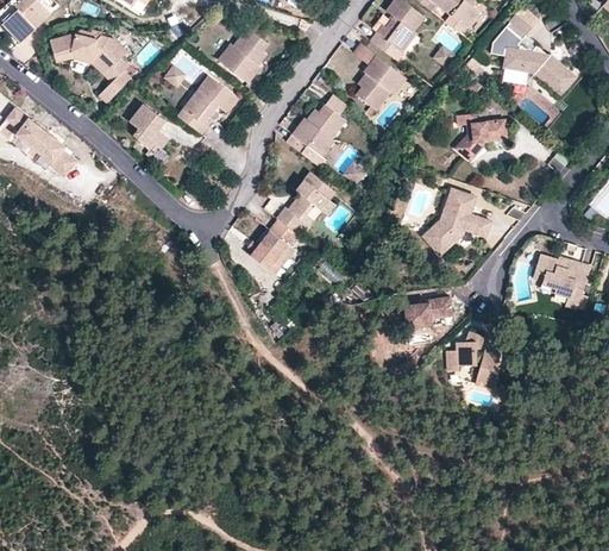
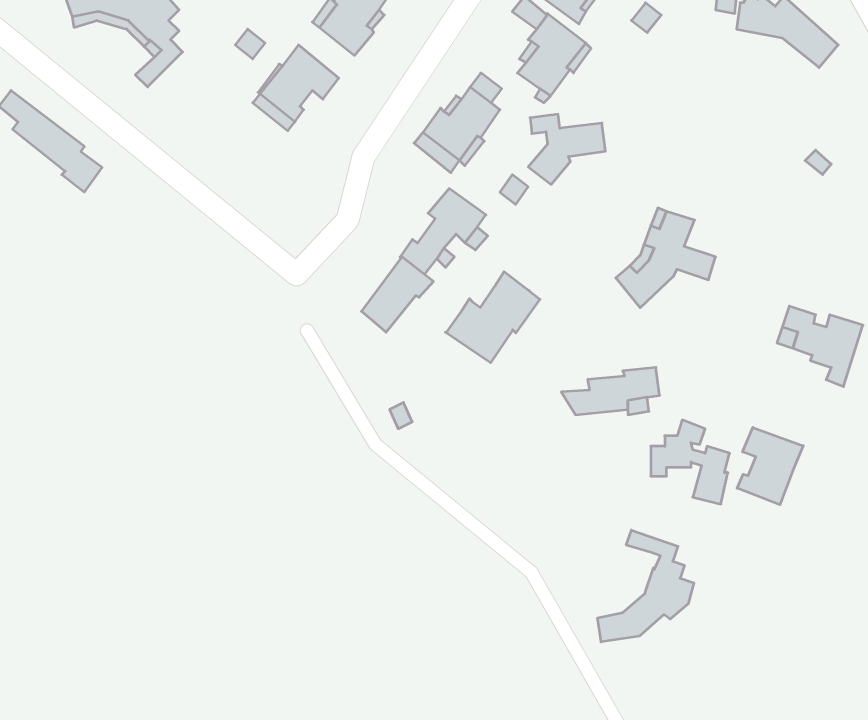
building: [130,104,169,146] -> none
building: [456,111,508,158] -> [528,114,605,184]
building: none -> [445,272,540,363]
building: none -> [737,427,803,505]
building: none -> [598,530,694,642]

